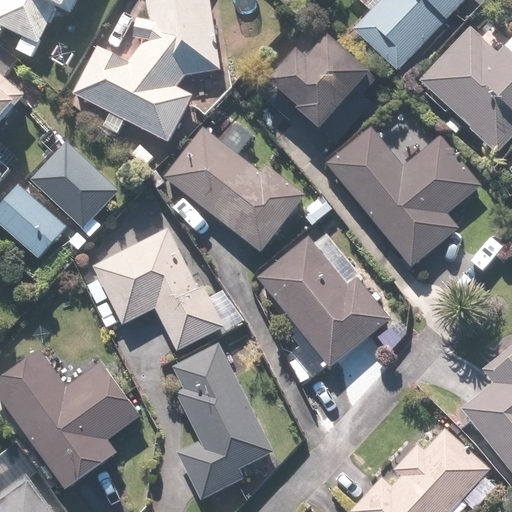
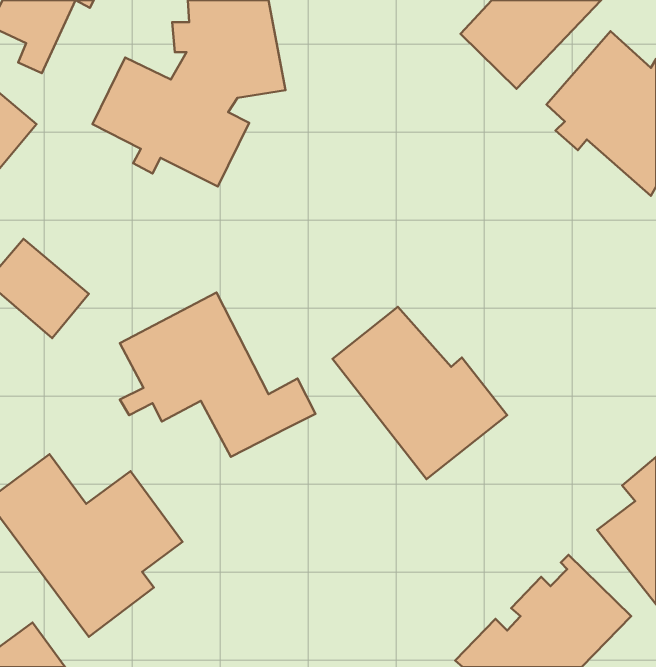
building: [275,32,377,125] -> none
building: [163,119,309,254] -> none
building: [326,124,479,266] -> none
building: [29,140,119,229] -> none
building: [173,342,276,498] -> none

